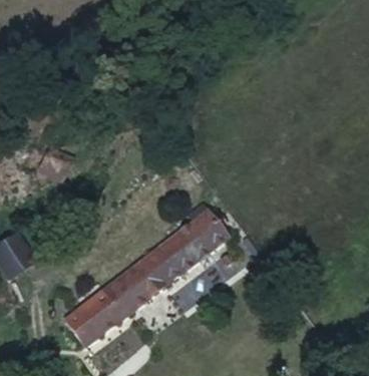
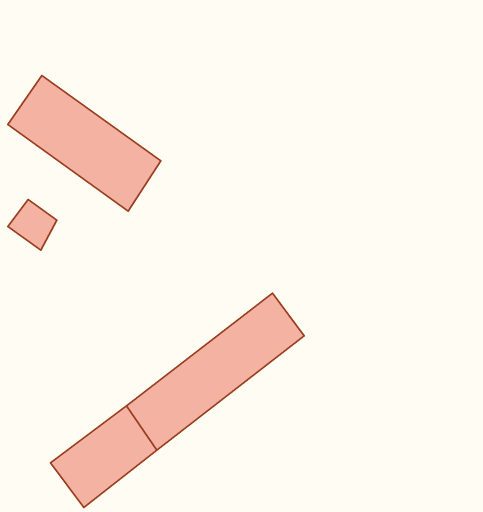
building: none -> [8,76,161,211]

